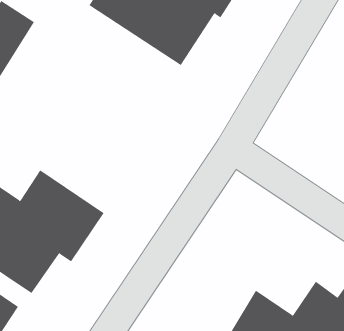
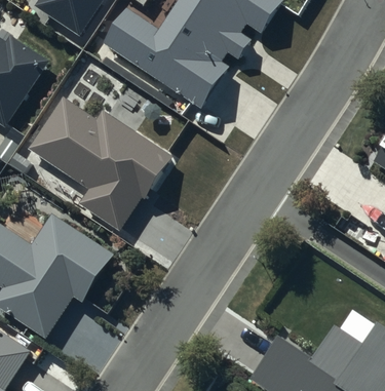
building: none -> [28,95,174,226]

